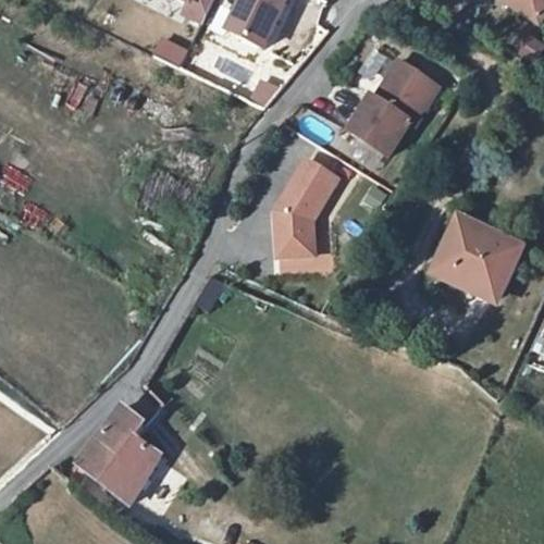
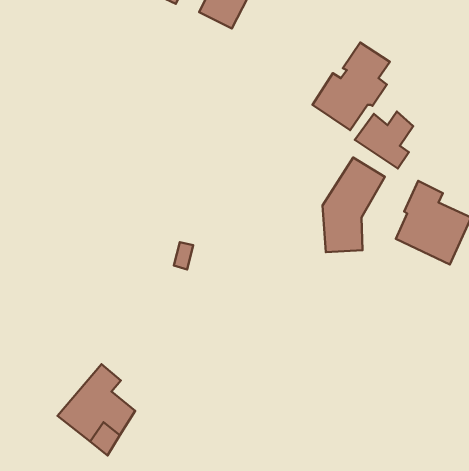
building: none -> [355,112,413,168]
building: [273,158,339,259] -> [323,158,385,252]

